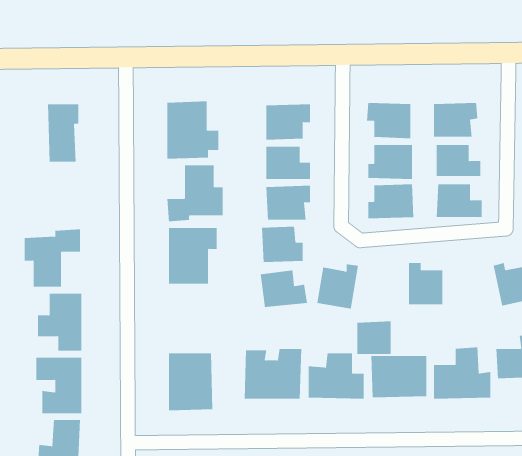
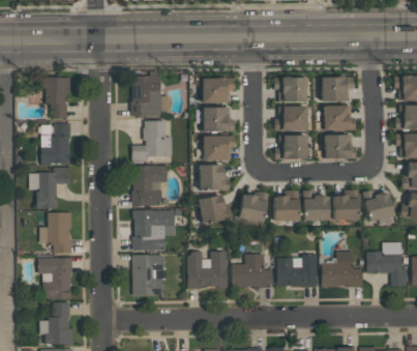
building: none -> [41,123,70,165]
building: none -> [332,197,358,221]
building: none -> [132,209,175,252]
building: [356,321,391,354] -> [273,197,298,221]

